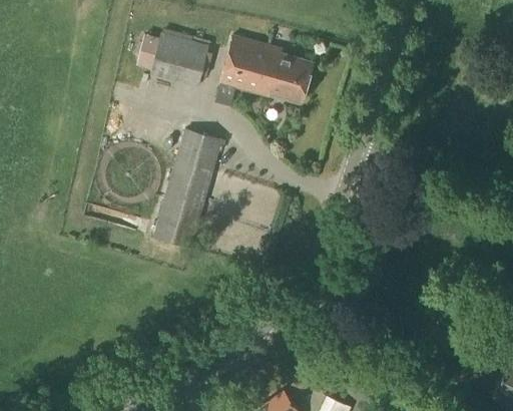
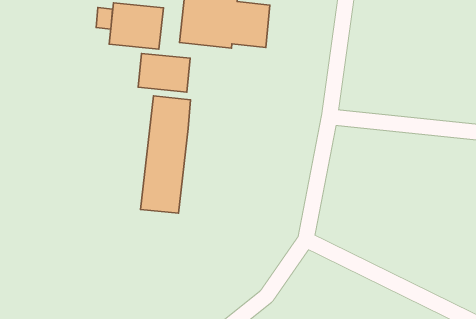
building: none -> [138,53,190,92]

